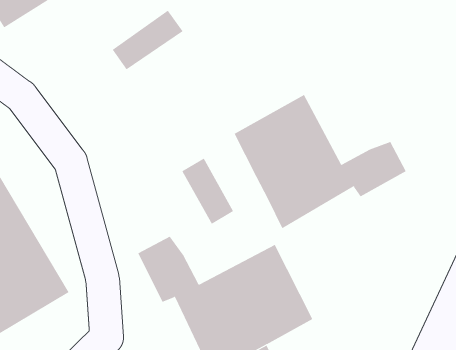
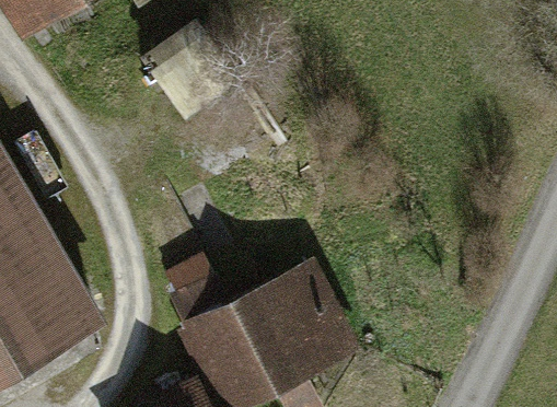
building: [234,94,406,229] -> none

